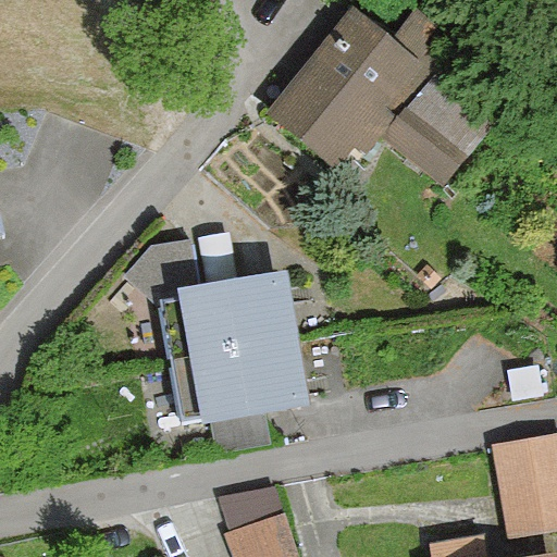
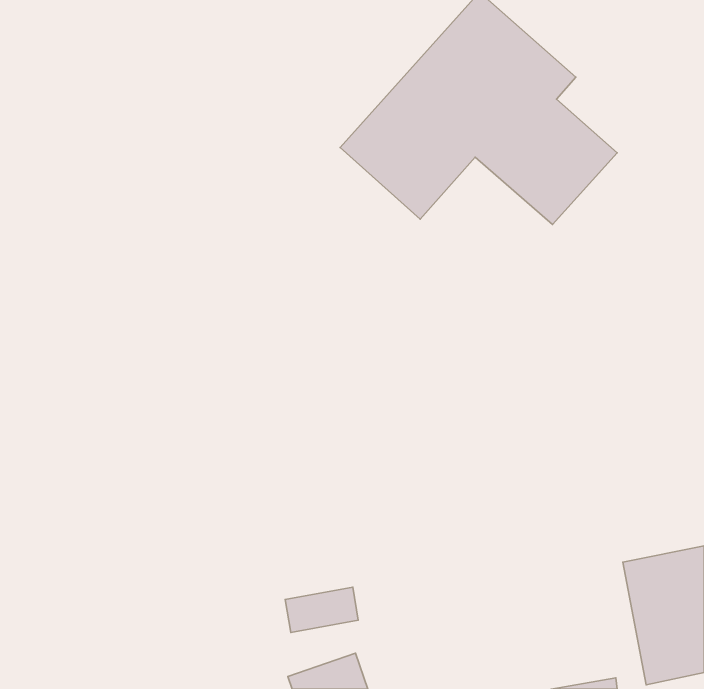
building: [169,275,309,426] -> none

